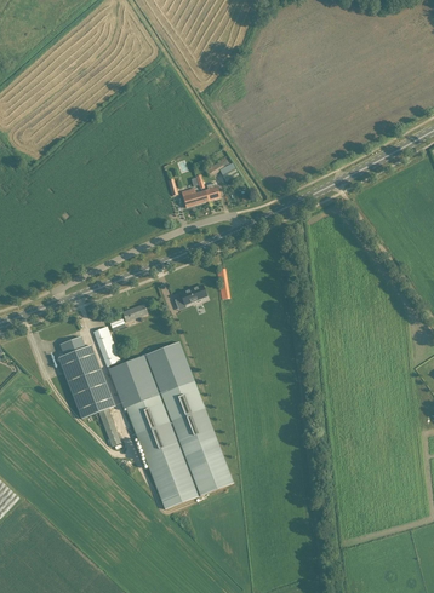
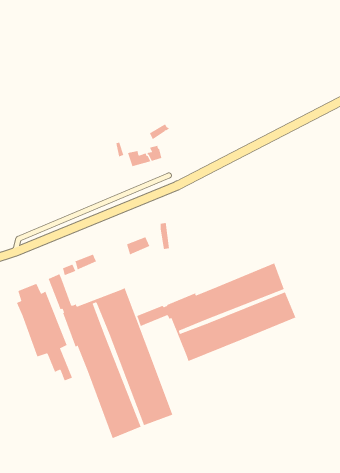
building: none -> [137,263,296,362]

